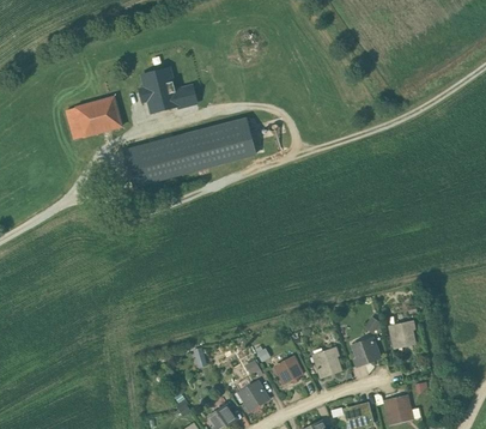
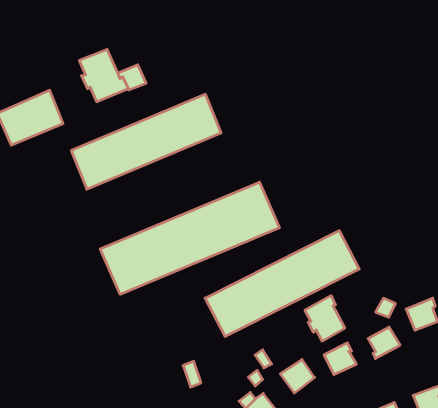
building: none -> [100,182,279,294]
building: none -> [205,231,359,337]
building: none -> [305,296,345,341]

